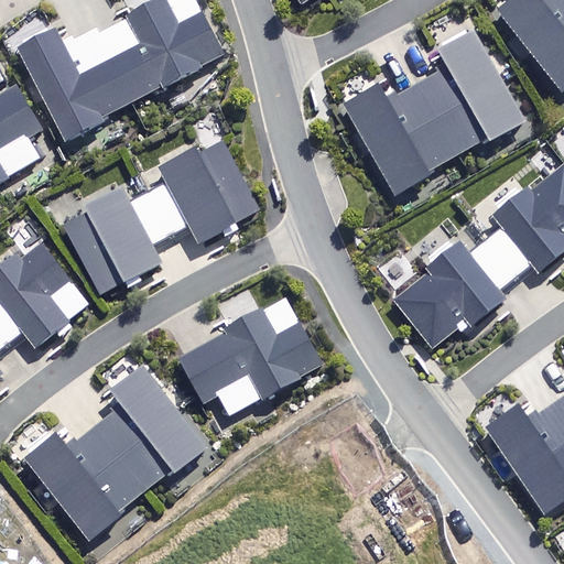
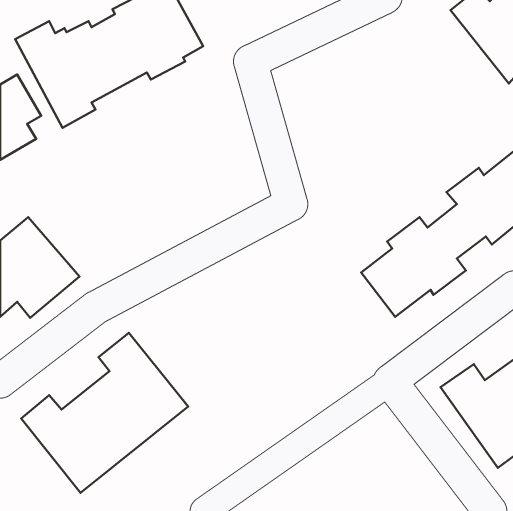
building: [343,32,531,194] -> none
building: [47,138,257,295] -> none
building: [178,295,321,415] -> none

